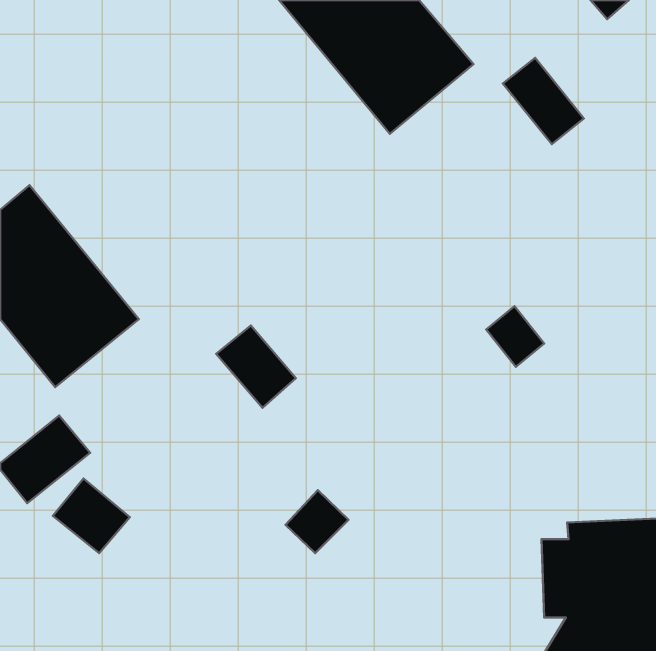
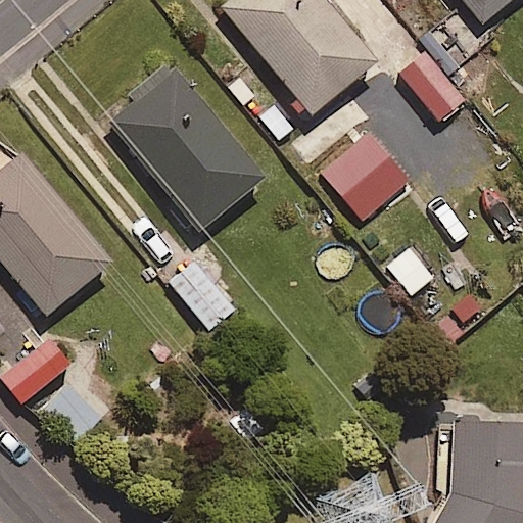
building: none -> [108,67,262,229]
building: none -> [323,135,410,222]

